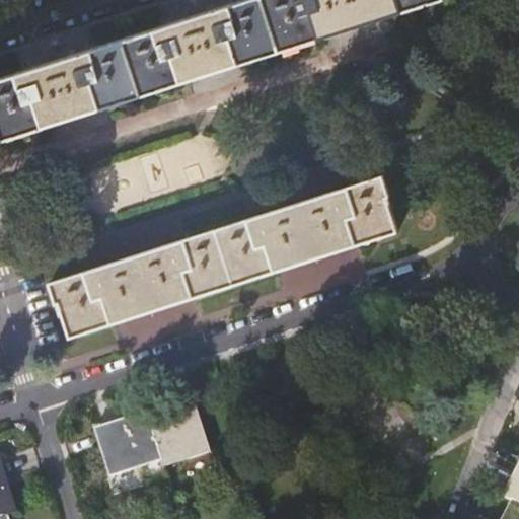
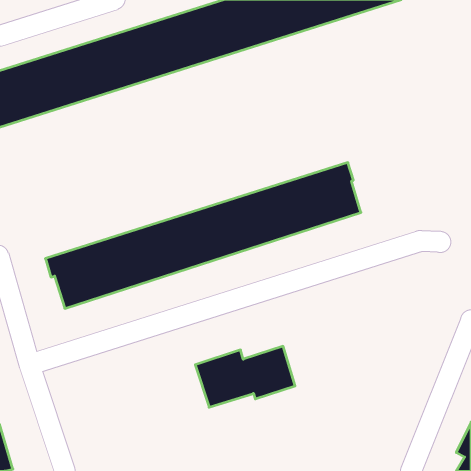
building: [96,410,206,476] -> [195,346,295,407]

